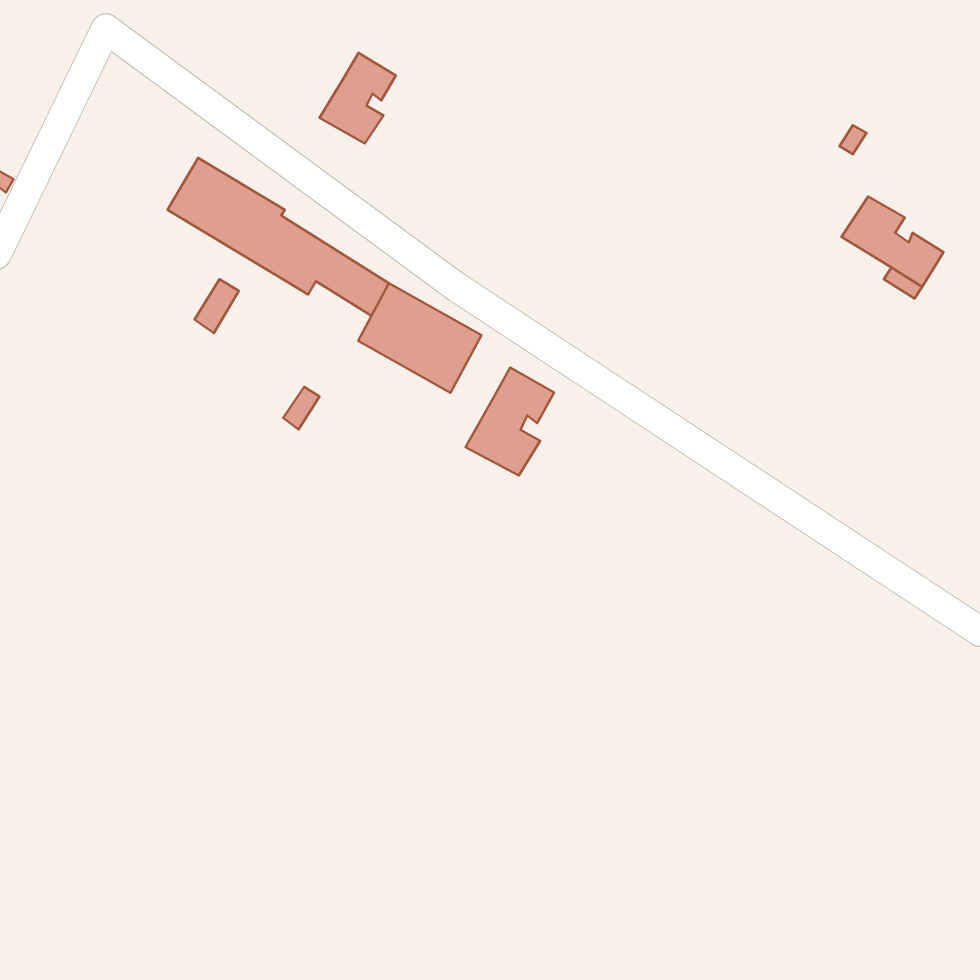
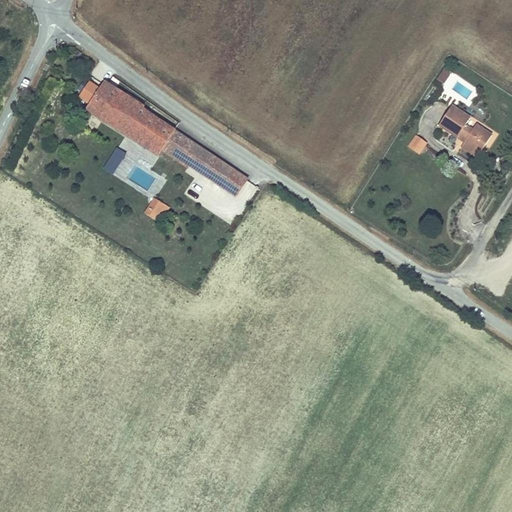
building: [319,53,396,144] -> none
building: [465,368,554,476] -> none

